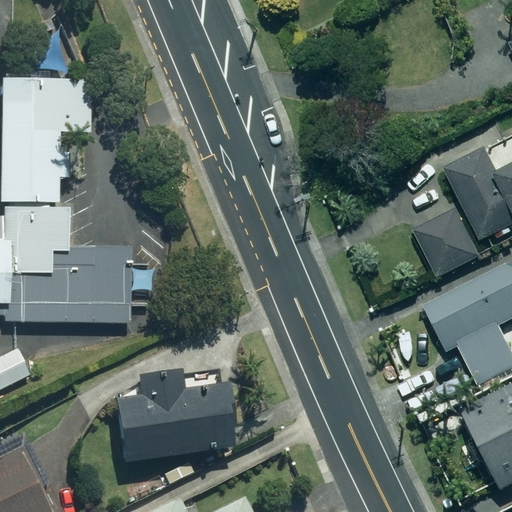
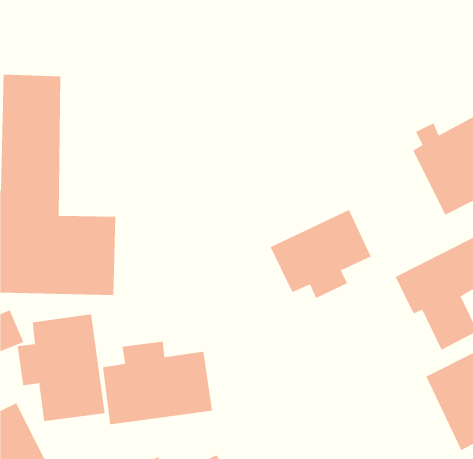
building: [413,207,479,275] -> none
building: none -> [270,209,372,299]
building: none -> [17,313,105,422]

